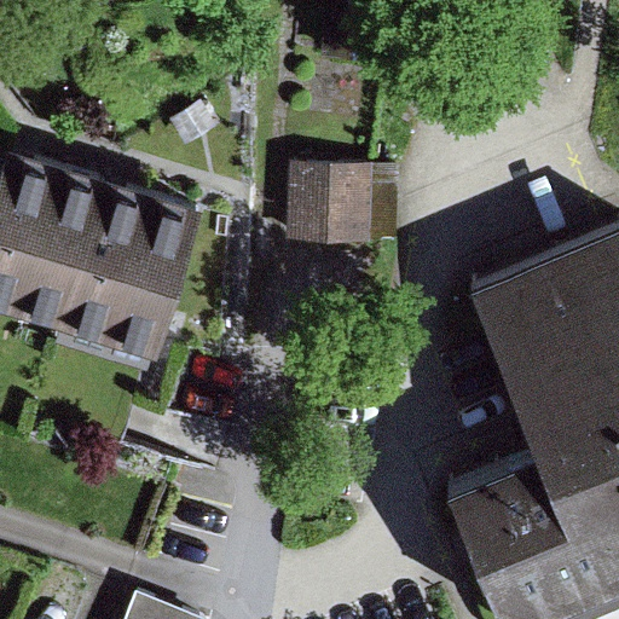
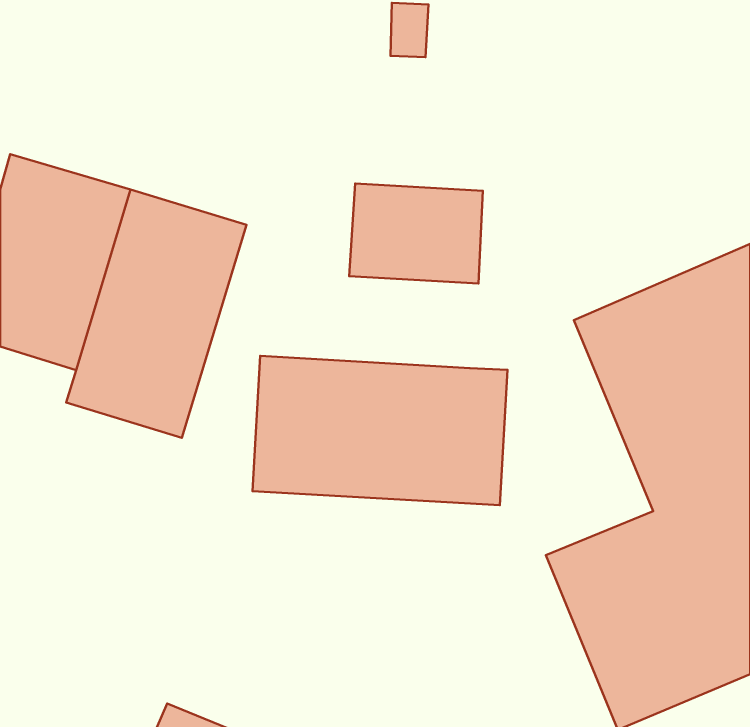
building: none -> [253,356,507,505]

